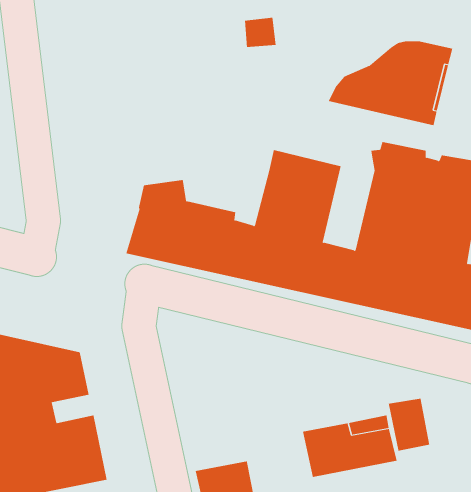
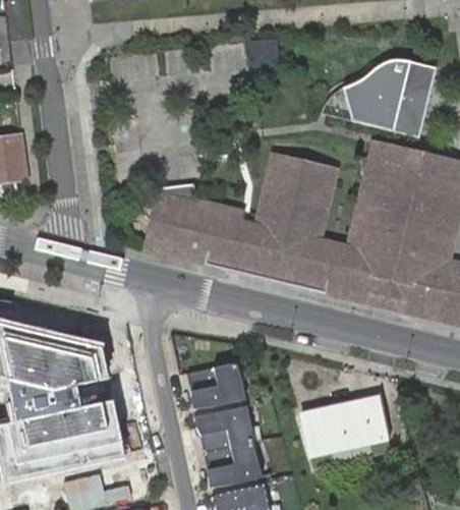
building: none -> [187,359,242,406]
building: [388,398,430,451] -> none
building: none -> [196,403,251,448]

